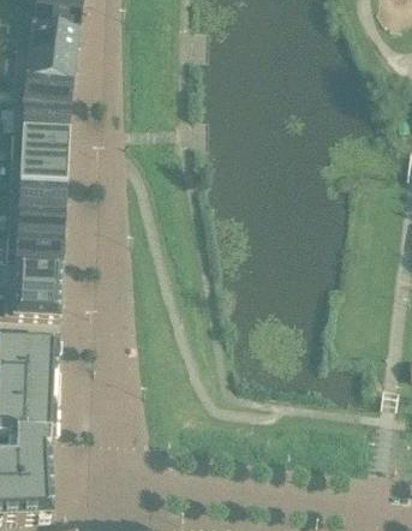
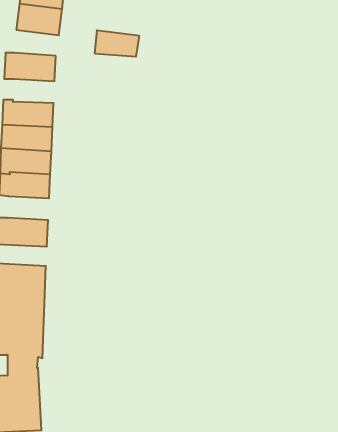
building: [22,73,71,102] -> [95,30,139,57]
building: [20,127,66,154] -> none
building: [14,256,60,282] -> none

